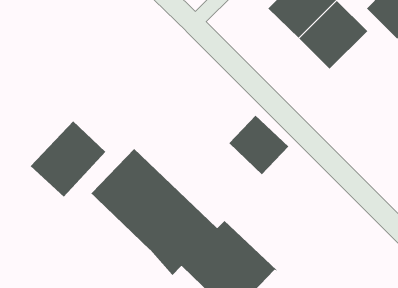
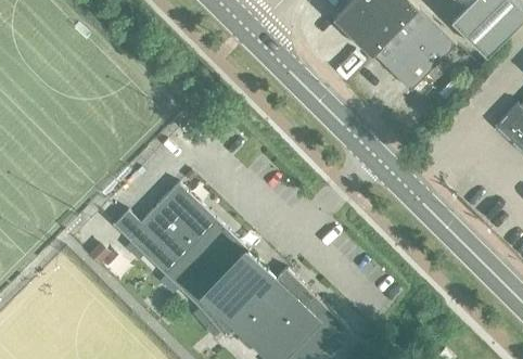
building: [228,115,289,175] -> none
building: [30,121,106,197] -> none

